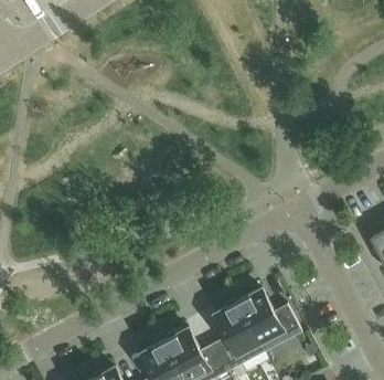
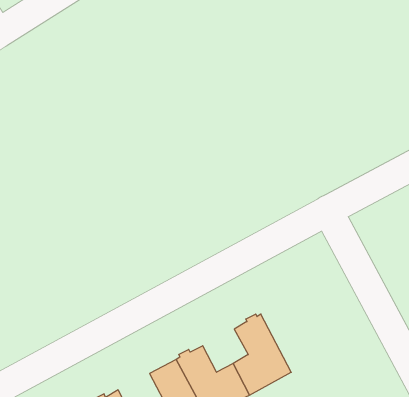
building: [236,289,299,352] -> none

